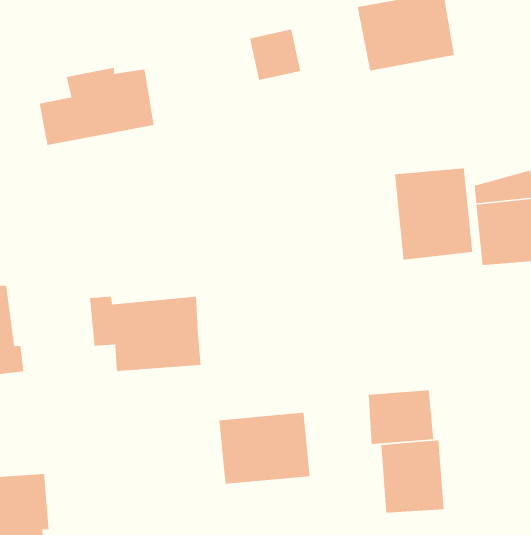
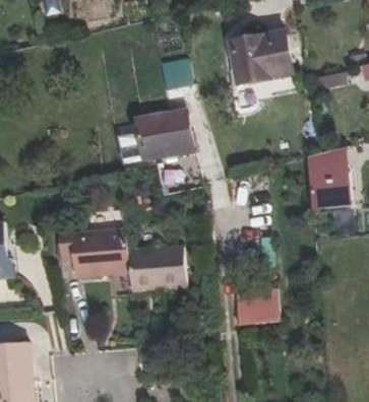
building: [39,67,154,146] -> [119,112,193,162]
building: [394,168,473,260] -> none
building: [219,412,310,485] -> [128,245,187,291]
building: [381,440,444,514] -> none

